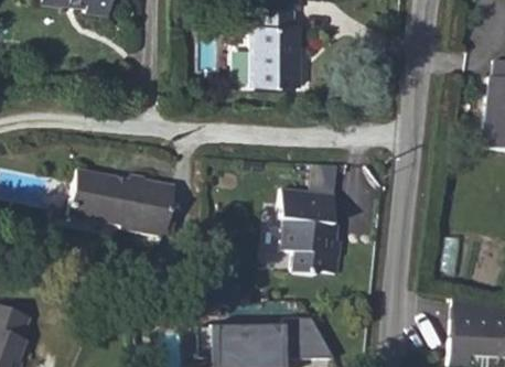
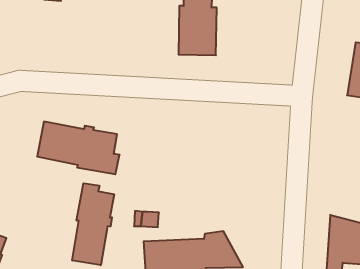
building: [278,187,340,273] -> none
building: none -> [72,183,114,265]

